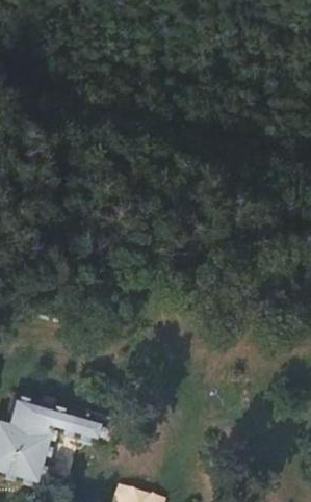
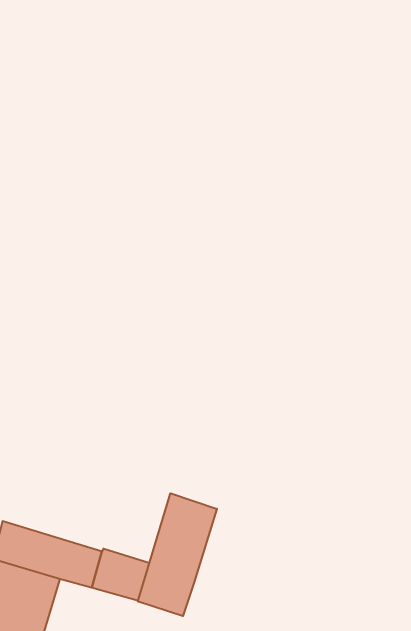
building: none -> [138,493,217,616]

